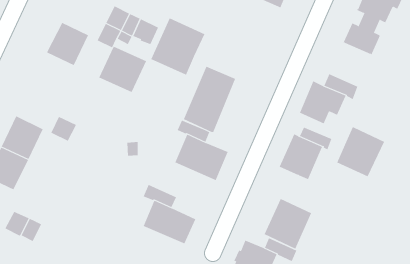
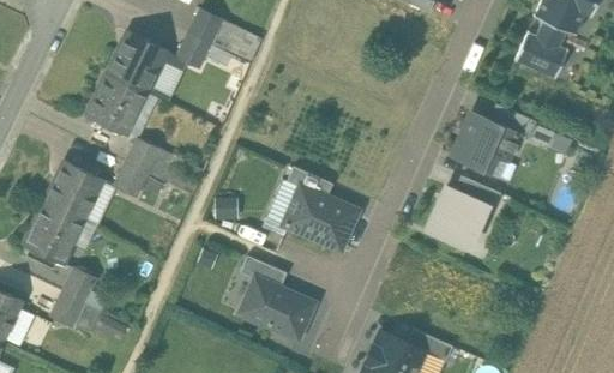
building: [151,18,205,76] -> none
building: [99,46,147,93] -> none
building: none -> [86,74,145,136]
building: [183,66,236,133] -> none
building: none -> [124,137,161,174]
building: [337,127,385,177] -> none
building: none -> [62,267,100,307]
building: [264,198,312,250] -> none

